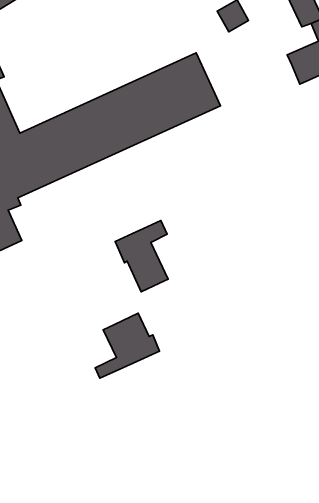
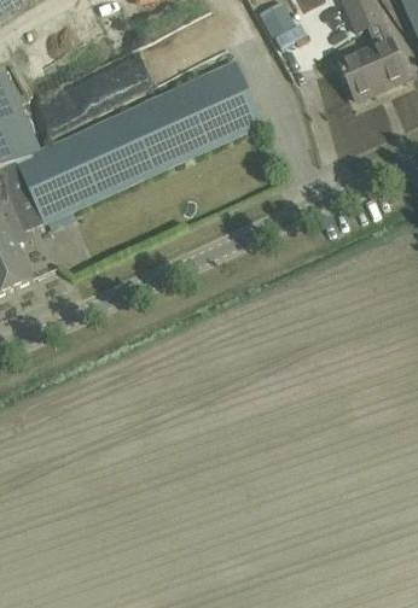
building: [115,221,168,292] -> none
building: [95,313,160,378] -> none

